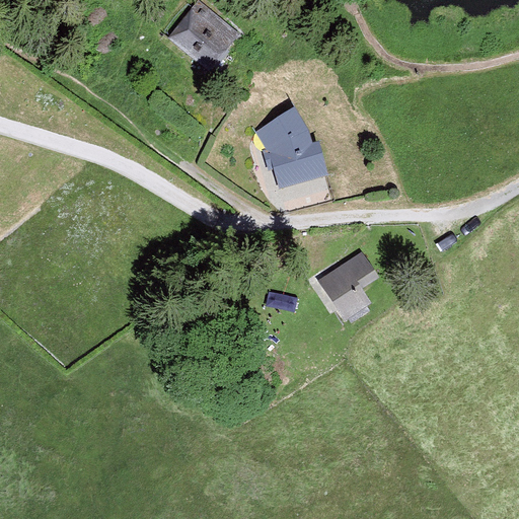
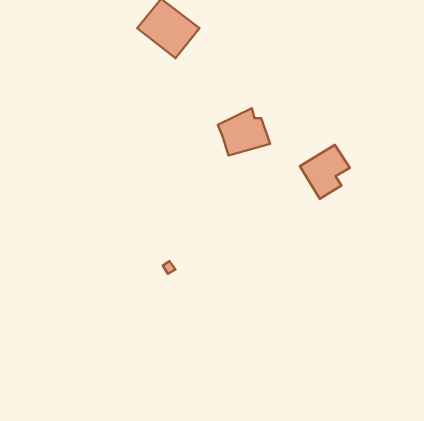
building: [253,108,307,152] -> none
building: [319,251,380,317] -> [300,145,350,199]

